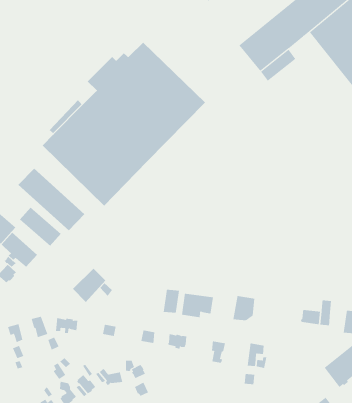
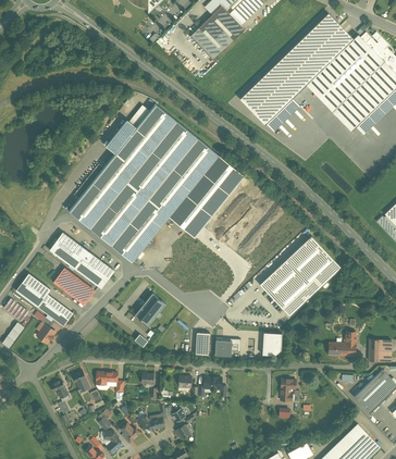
building: none -> [169,156,244,237]
building: none -> [259,235,341,315]
building: [72,268,106,303] -> [134,293,165,326]

